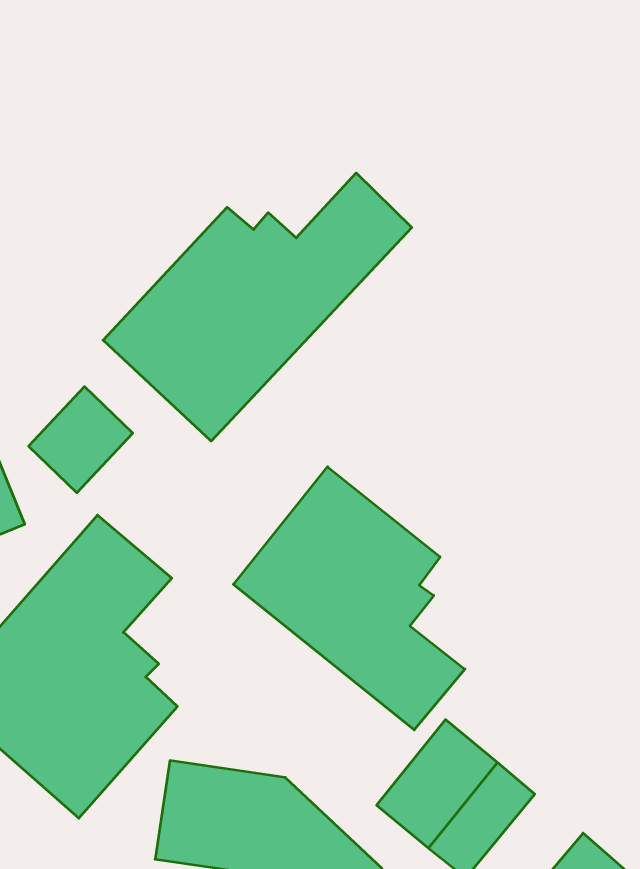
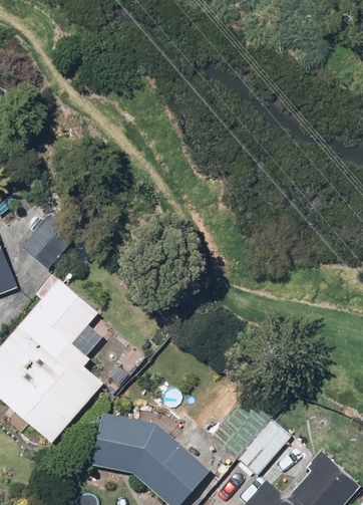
building: [103,173,412,441] -> none
building: [233,467,465,730] -> none

